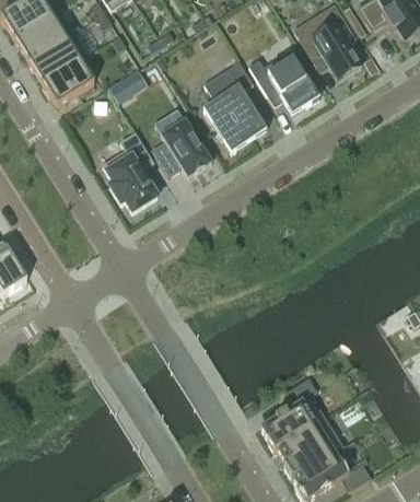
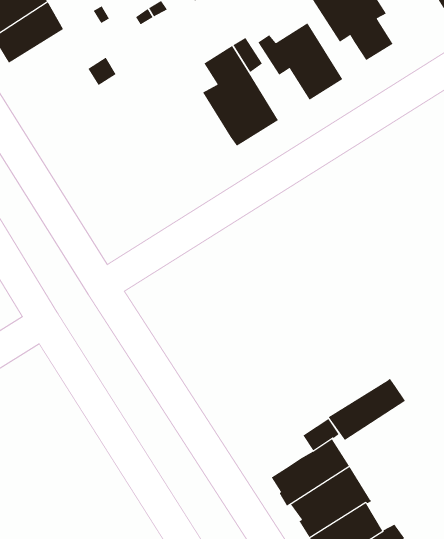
building: [43,55,94,106] -> none
building: [153,109,212,177] -> none
building: [103,131,158,211] -> none
building: none -> [328,378,406,441]

